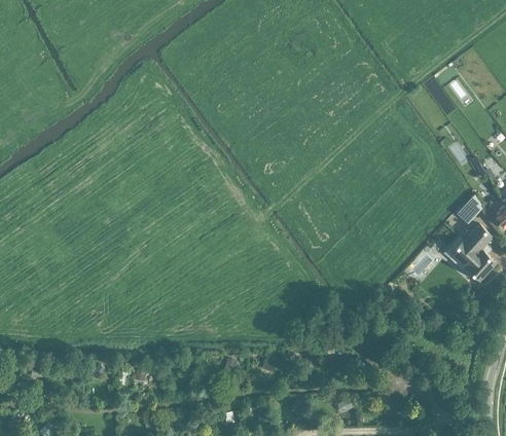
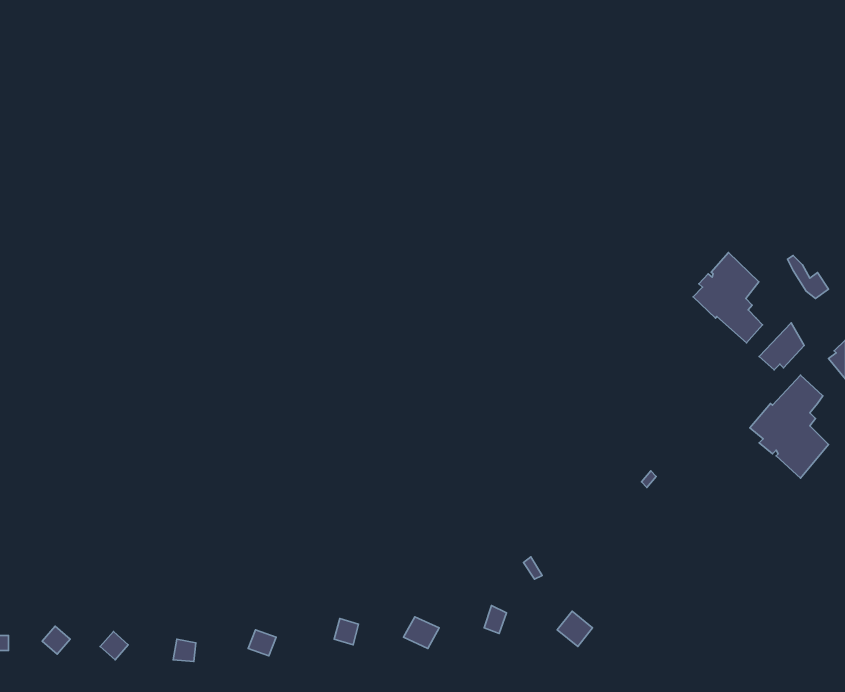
building: none -> [693,252,763,343]

